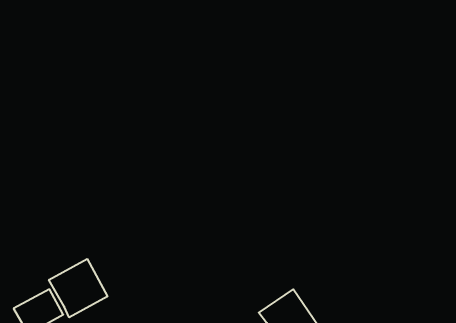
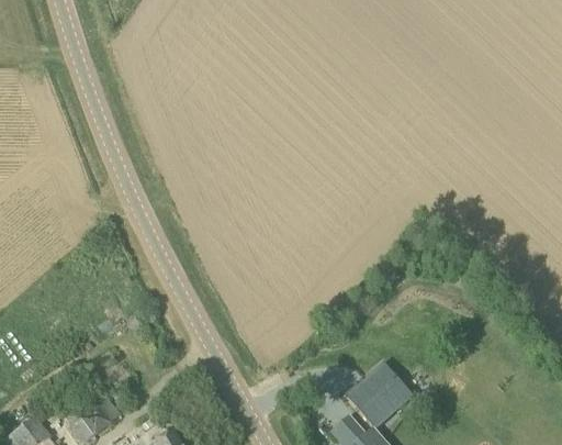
building: [49,259,107,317] -> none

